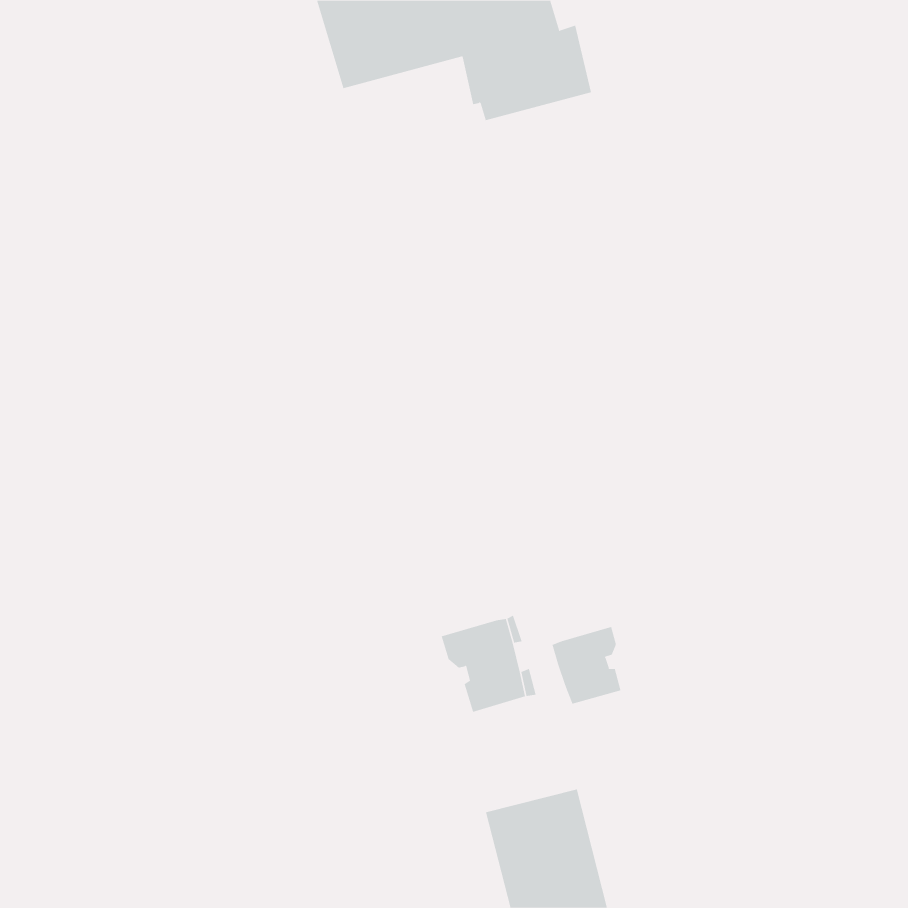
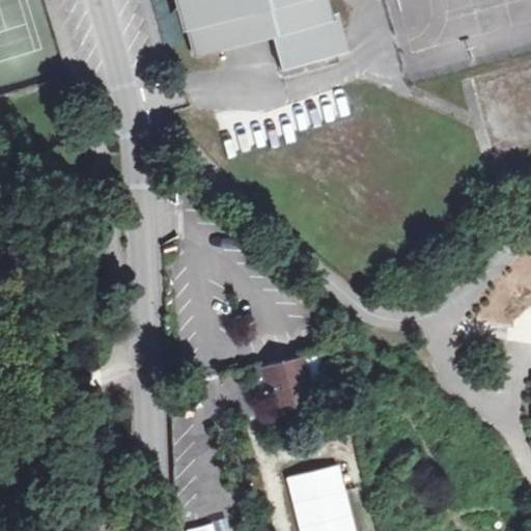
building: [552,626,621,705] -> none

